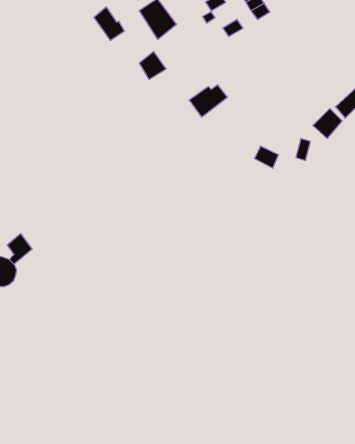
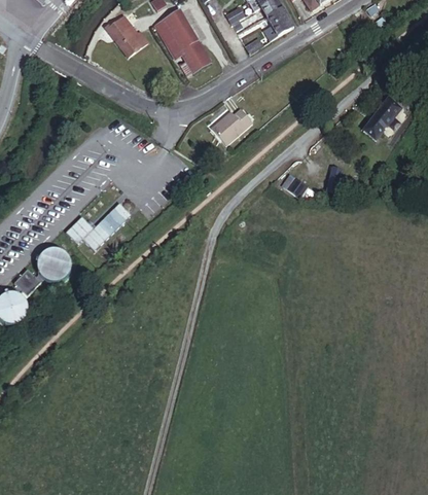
building: [139,52,166,79] -> [182,40,211,70]
building: [313,109,342,138] -> none
building: none -> [66,203,129,248]
building: none -> [36,248,70,282]

